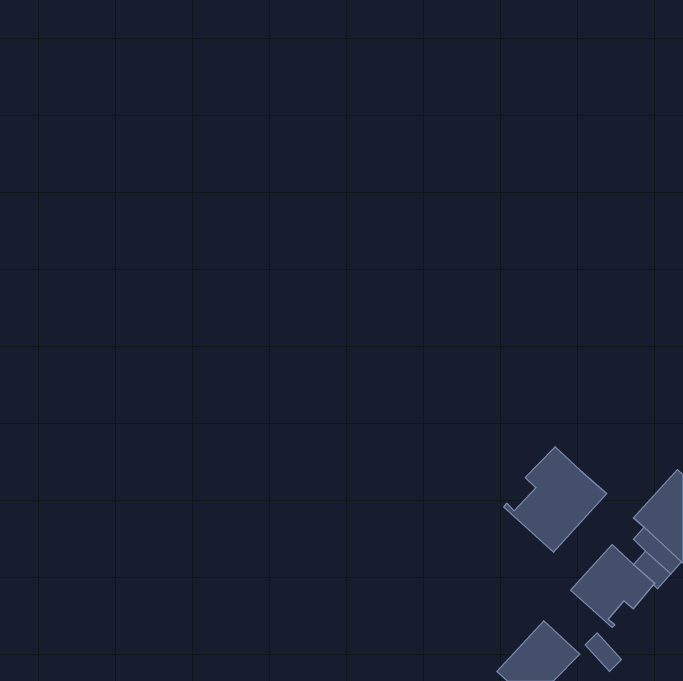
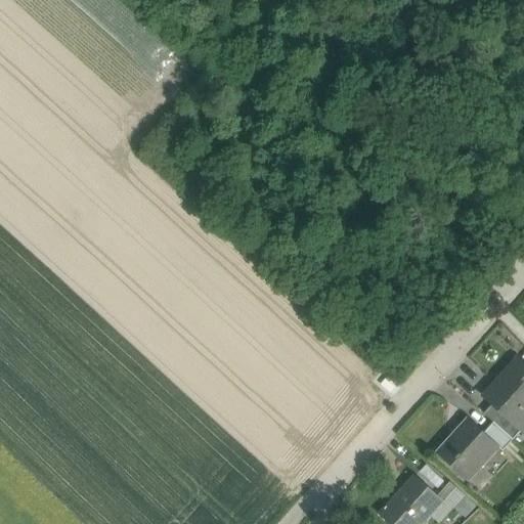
building: [504,447,607,552] -> none

